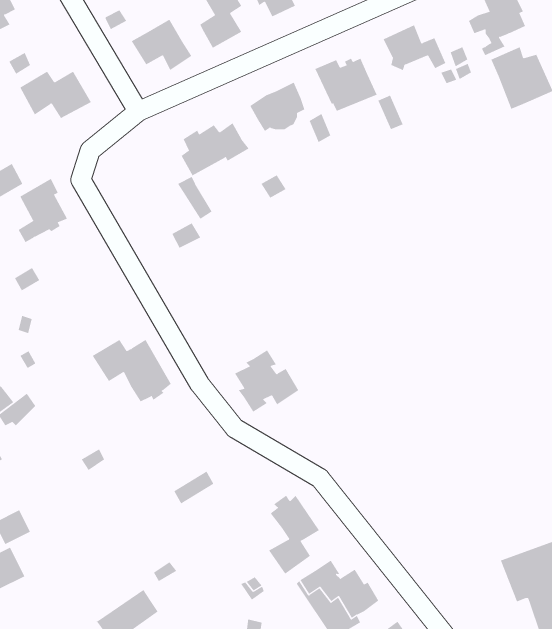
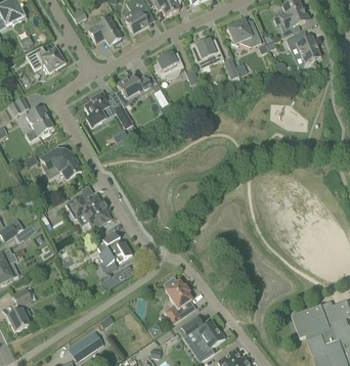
building: none -> [84,90,111,125]
building: none -> [41,149,82,177]
building: [234,350,299,413] -> [96,230,132,265]

